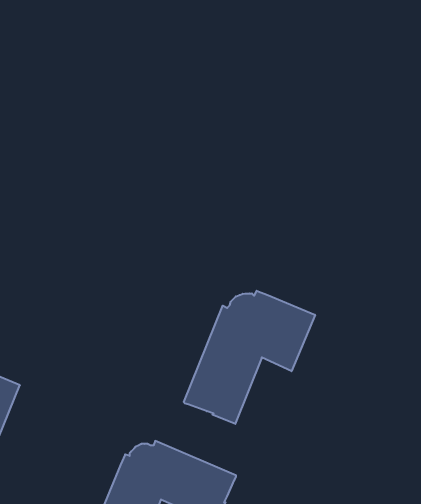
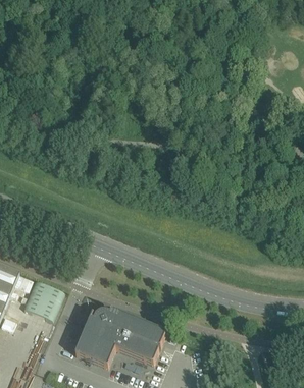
building: [184,291,315,424] -> none

